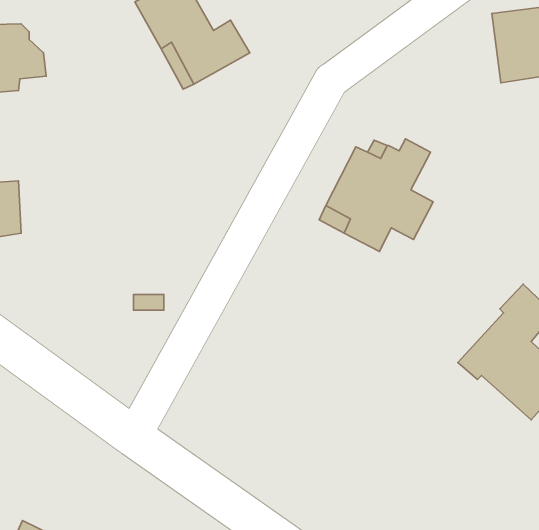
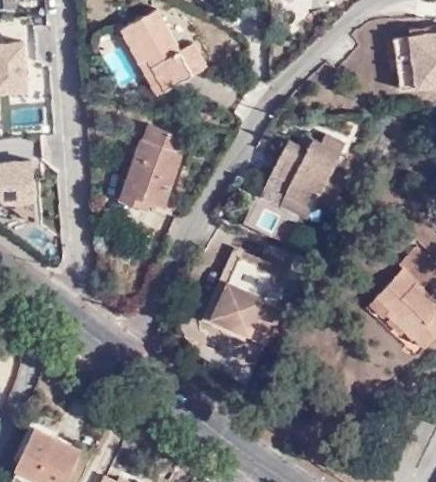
building: none -> [118,123,181,209]
building: none -> [210,258,294,342]

